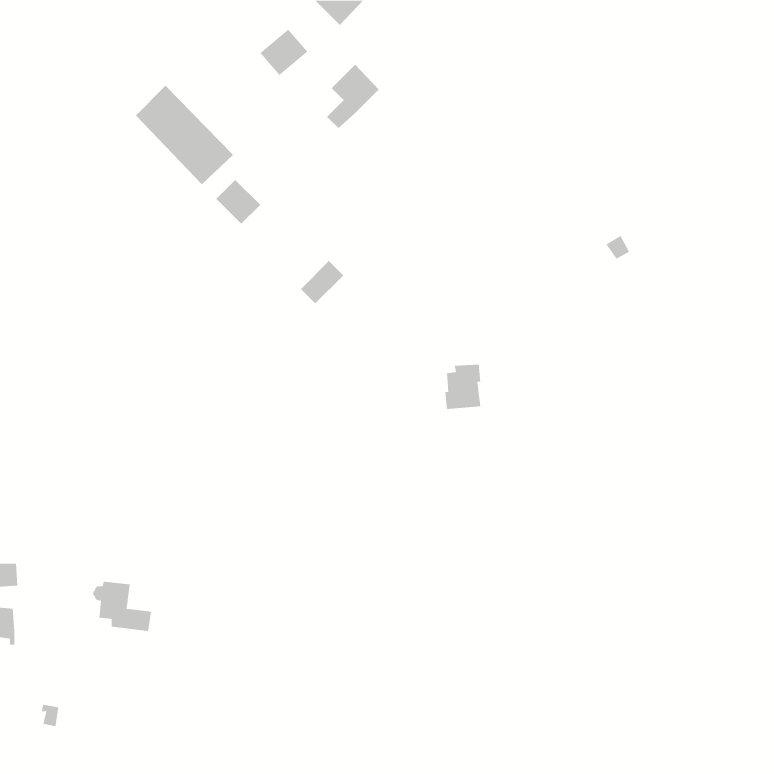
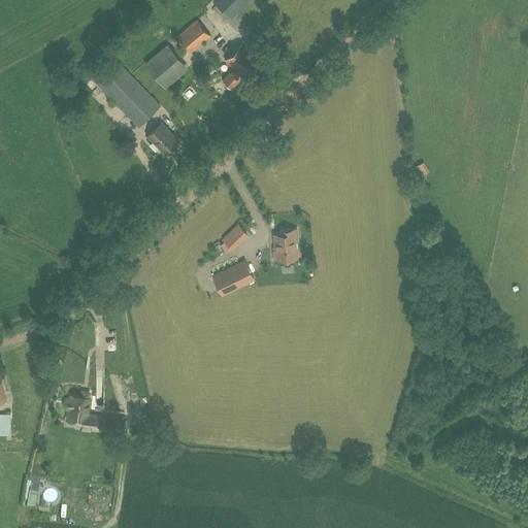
building: none -> [144,44,188,89]
building: [300,260,344,304] -> [217,224,246,254]
building: [445,364,481,410] -> [272,230,297,261]
building: none -> [212,261,253,295]

